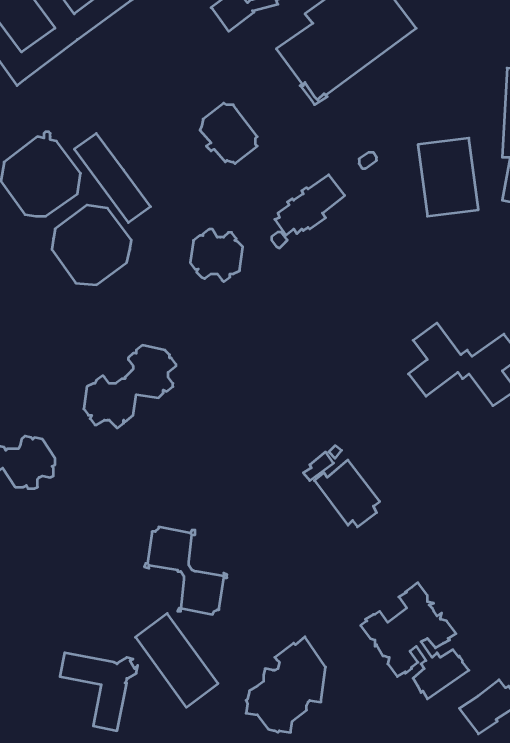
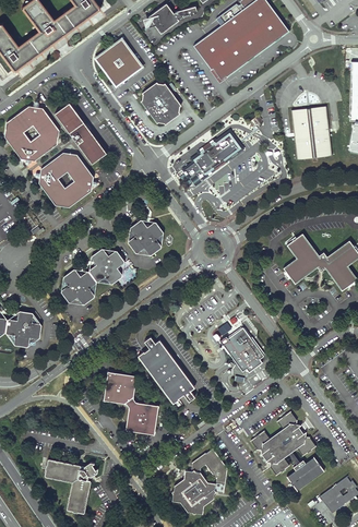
building: none -> [100,44,139,83]
building: [190,229,243,282] -> [128,220,164,256]
building: [135,613,218,707] -> [138,339,194,404]

